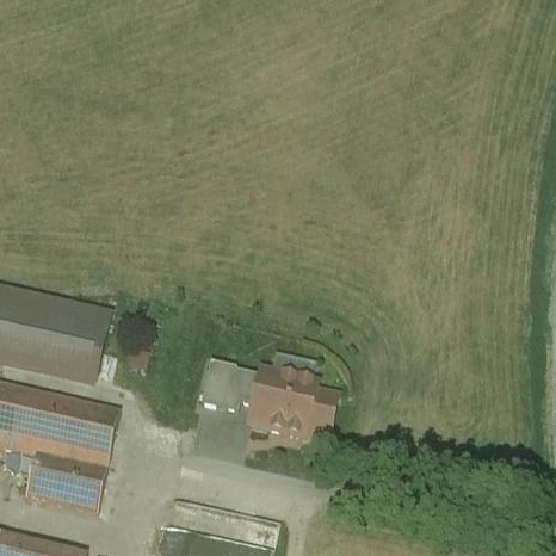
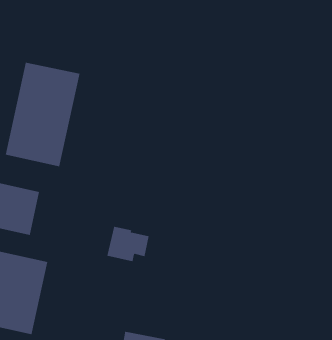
building: none -> [5,62,80,167]
building: [248,369,335,437] -> none

